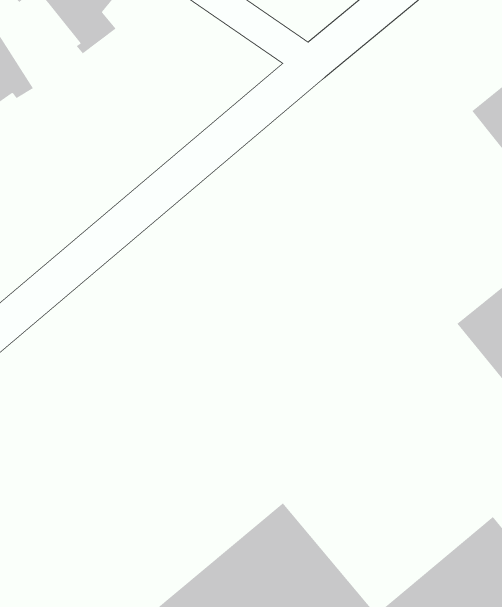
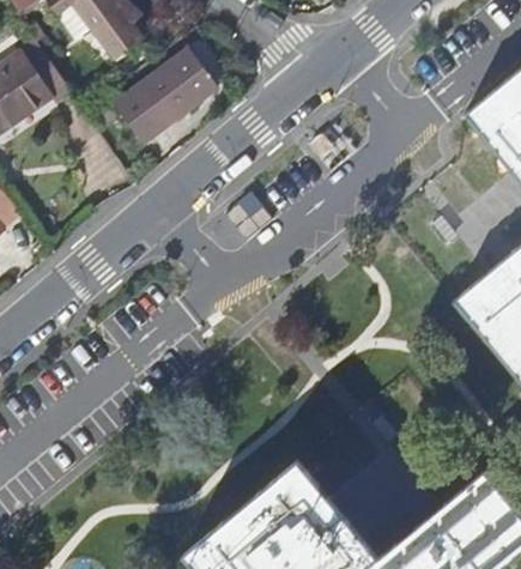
building: none -> [128,52,220,133]

